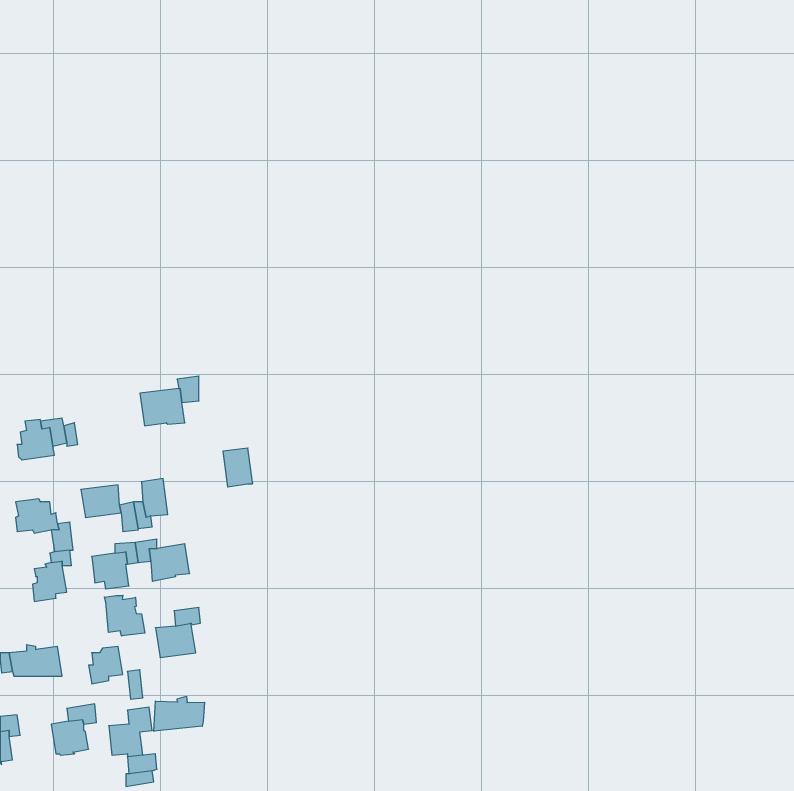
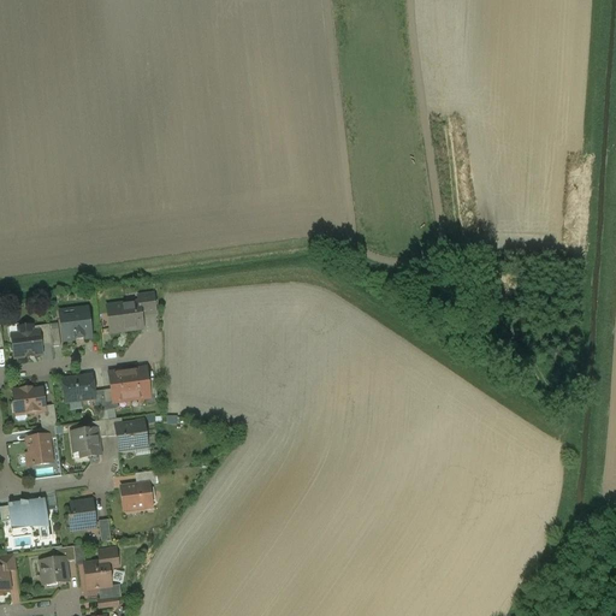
building: none -> [60,308,91,339]
building: [223,448,253,487] -> [126,368,149,398]
building: [104,595,145,636] -> none
building: [154,696,204,731] -> none

